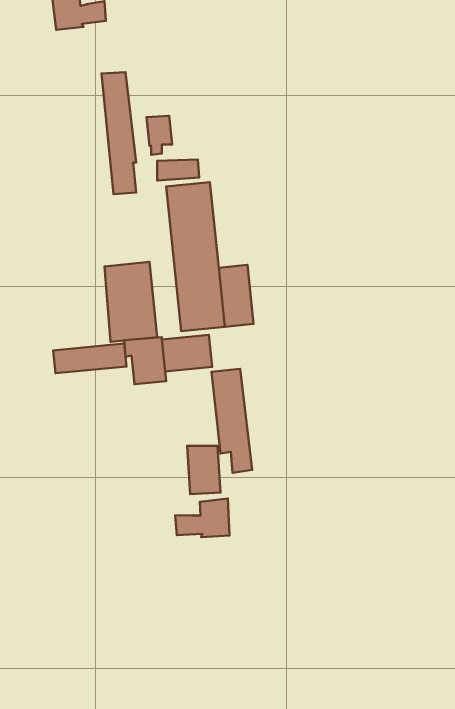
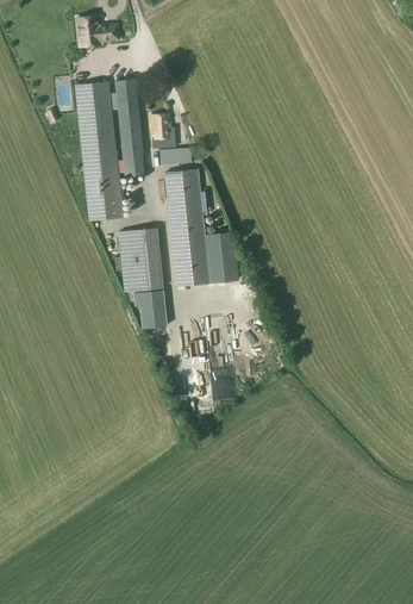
building: none -> [75,82,123,220]
building: [162,335,212,372] -> none
building: [53,344,126,373] -> none
building: [175,499,230,537] -> none

